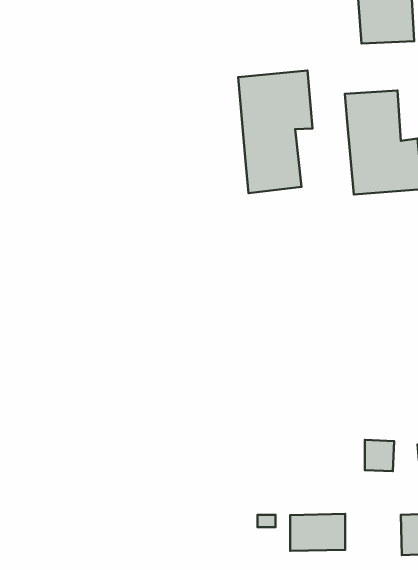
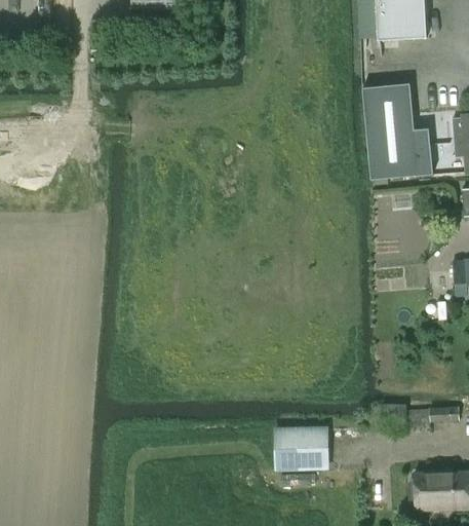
building: [238,71,312,193] -> none
building: [290,514,345,551] -> [276,427,326,461]

